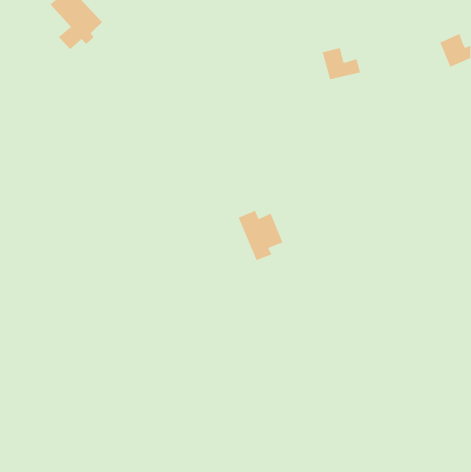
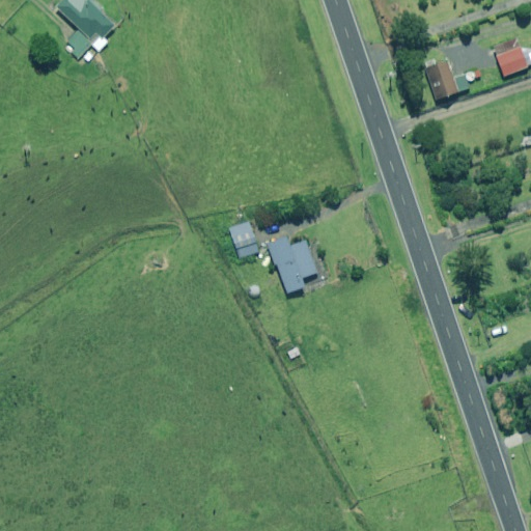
building: [322,48,361,80] -> [425,61,469,97]
building: none -> [228,221,258,258]

